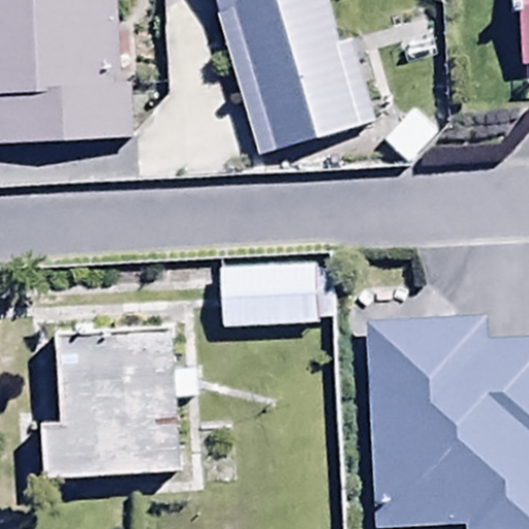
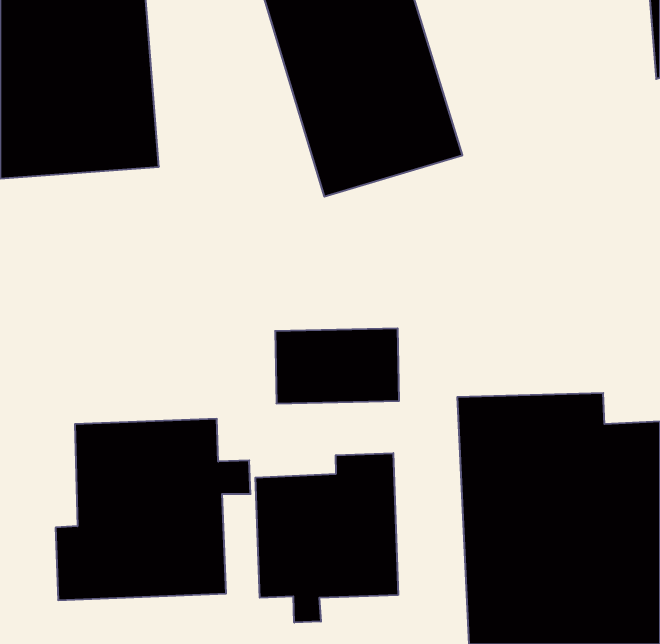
building: none -> [255,453,398,623]

